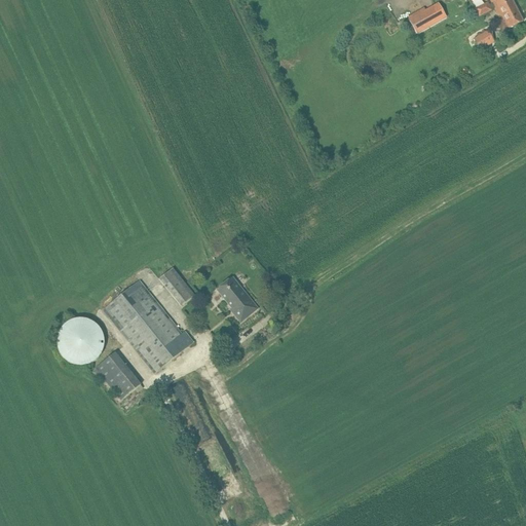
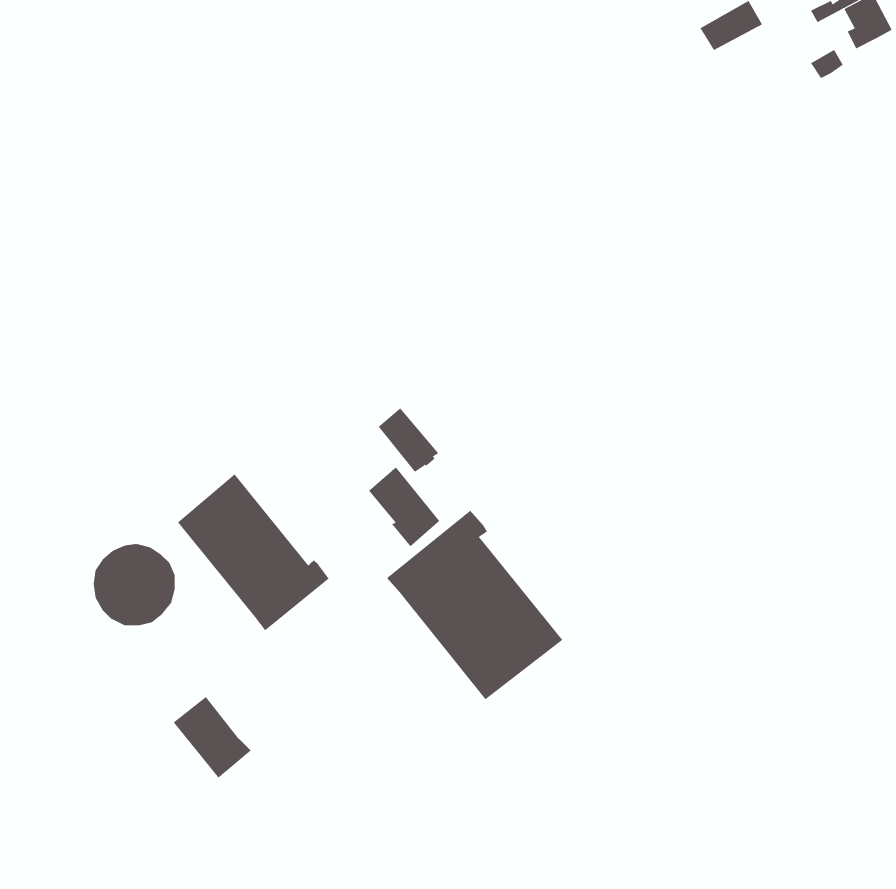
building: [158,265,194,303] -> [378,408,439,472]
building: none -> [386,510,563,700]
building: [95,349,141,398] -> [173,696,252,778]

